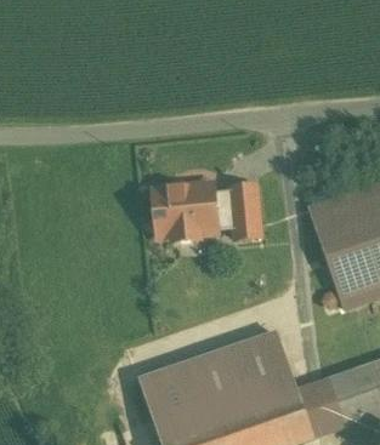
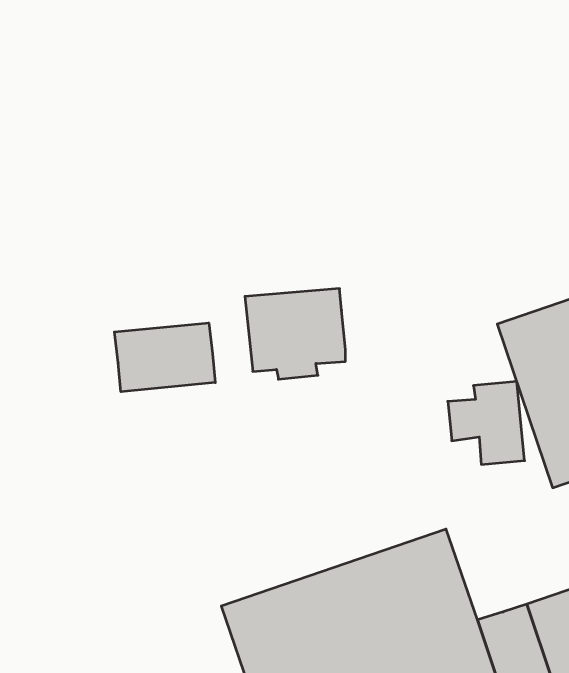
building: [212,184,260,235] -> [448,382,525,464]
building: none -> [114,323,215,392]

